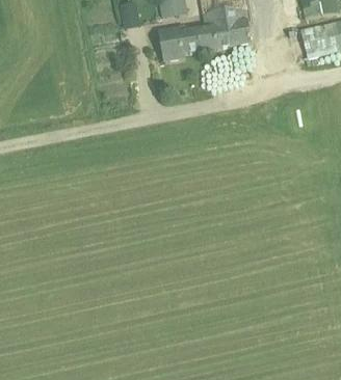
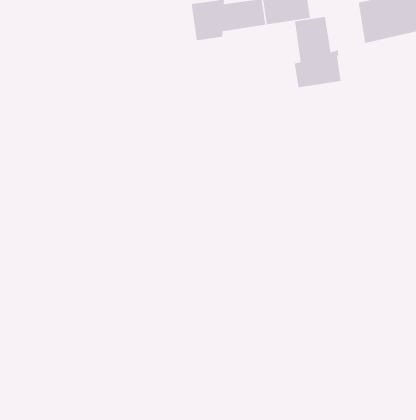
building: none -> [294,16,342,88]

